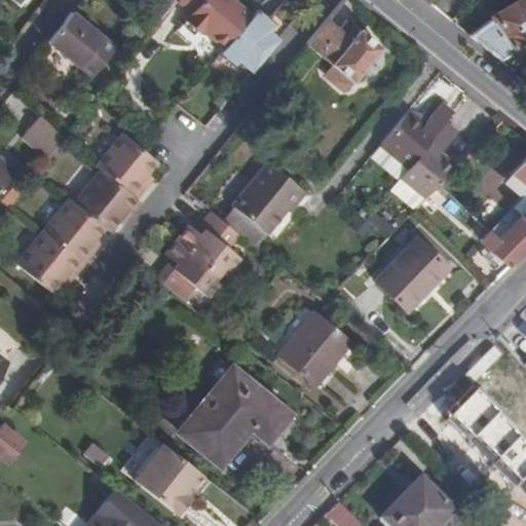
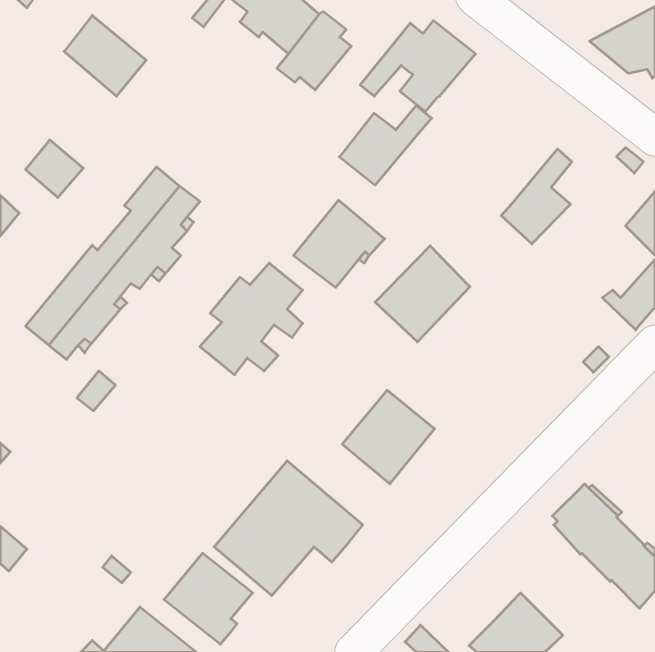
building: [381,100,455,163] -> [339,105,432,185]
building: [370,235,446,312] -> [375,246,470,342]

